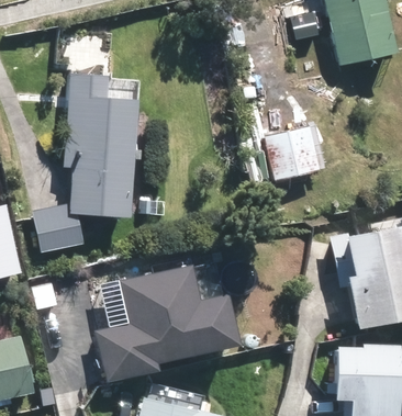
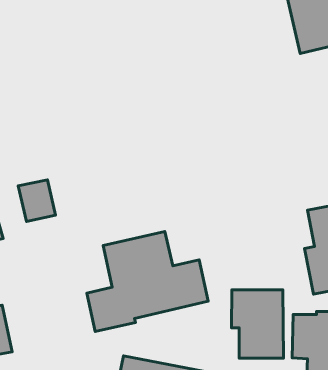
building: [65,77,133,215] -> none
building: [269,130,316,184] -> none
building: none -> [231,290,283,358]

